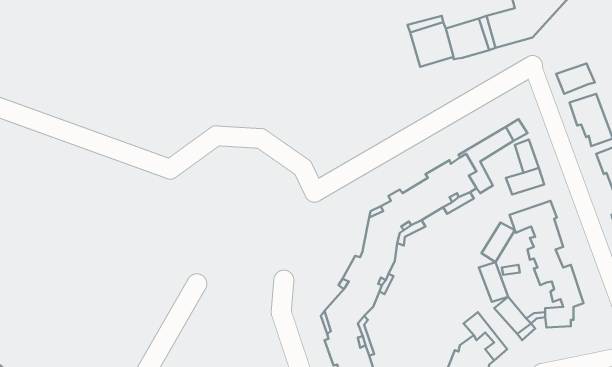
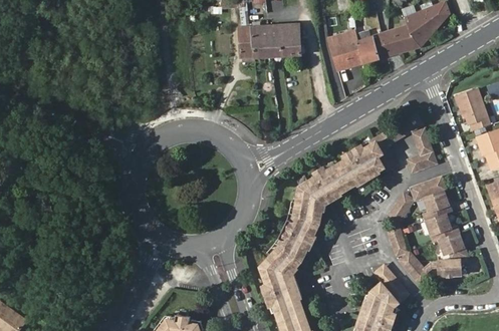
building: none -> [237,22,303,60]
building: [556,64,595,94] -> none

